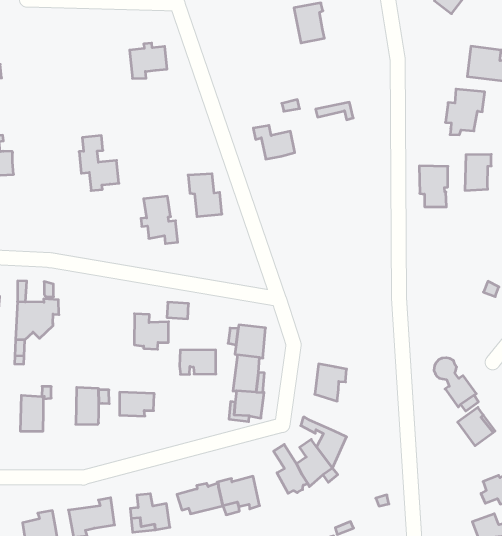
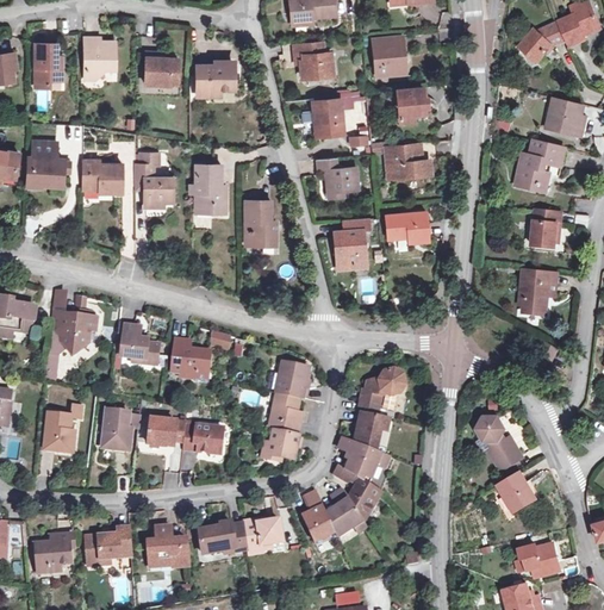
building: none -> [292,41,332,77]
building: none -> [85,37,116,80]
building: none -> [142,52,176,86]
building: none -> [397,87,424,122]
building: none -> [312,98,342,135]
building: none -> [385,151,429,179]
building: none -> [81,160,120,194]
building: [419,166,448,207] -> [519,269,552,315]
building: none -> [385,211,426,238]
building: none -> [332,218,367,267]
building: [141,196,178,244] -> [188,164,224,213]
building: none -> [120,325,157,363]
building: none -> [357,365,412,416]
building: [180,350,216,374] -> [183,425,223,454]
building: none -> [342,440,388,483]

